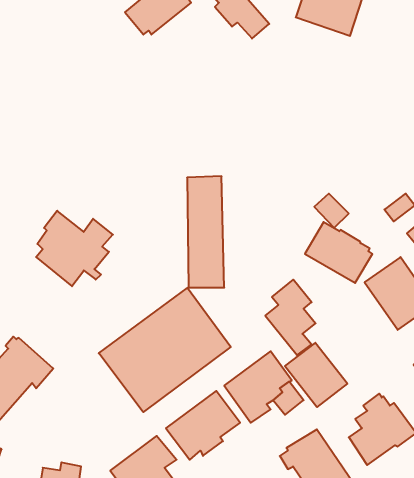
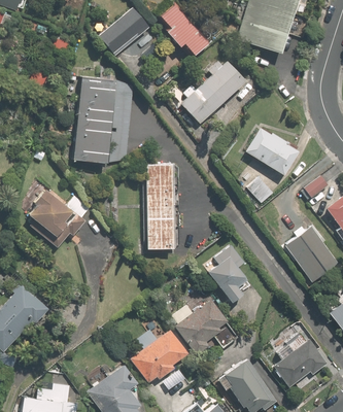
building: none -> [181,60,247,124]
building: none -> [74,78,134,163]
building: [305,222,372,283] -> [246,127,299,174]
building: [99,288,231,412] -> none
building: [285,343,347,407] -> none

